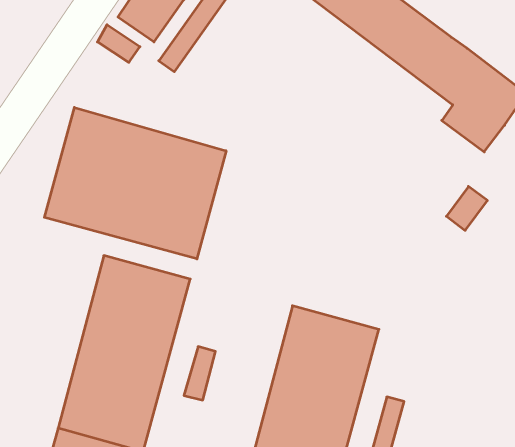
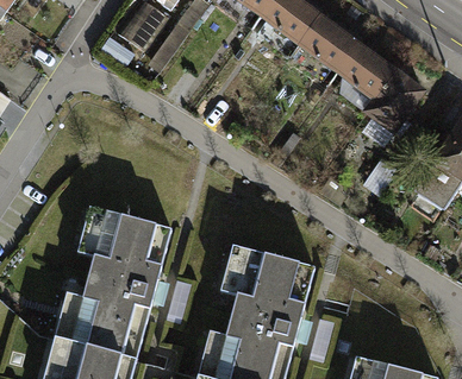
building: [44,107,226,259] -> none

